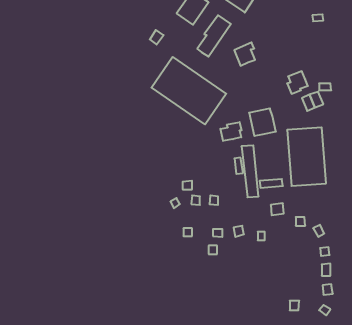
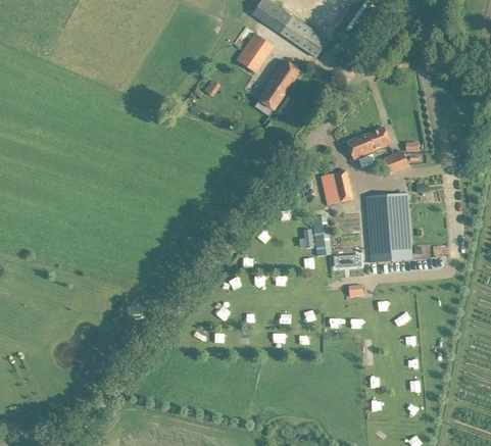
building: [234,42,255,66] -> [346,133,371,160]
building: [151,57,226,124] -> none
building: [220,122,242,141] -> none

